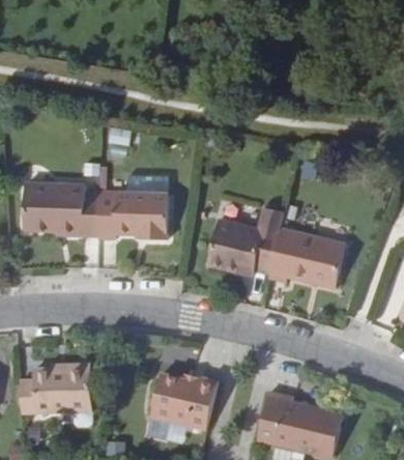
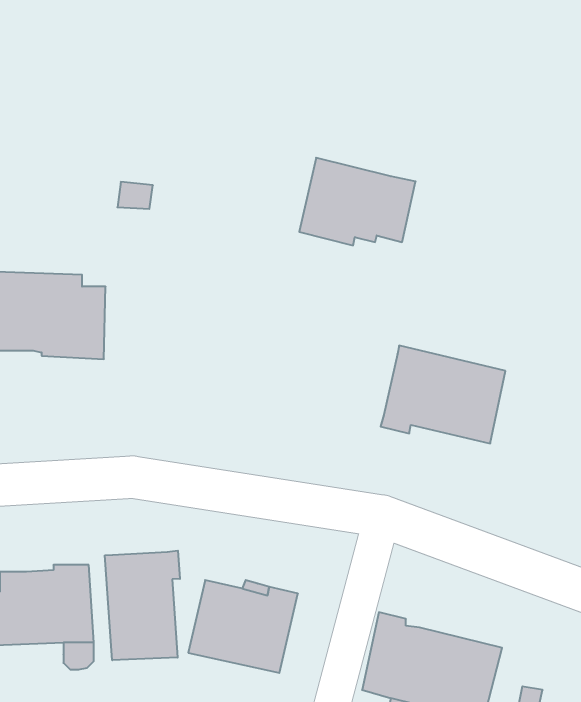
building: [98,191,168,239] -> none
building: [207,219,279,272] -> [299,158,416,245]
building: none -> [105,551,180,660]

